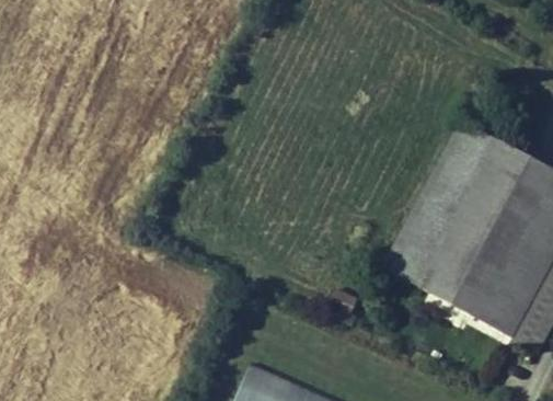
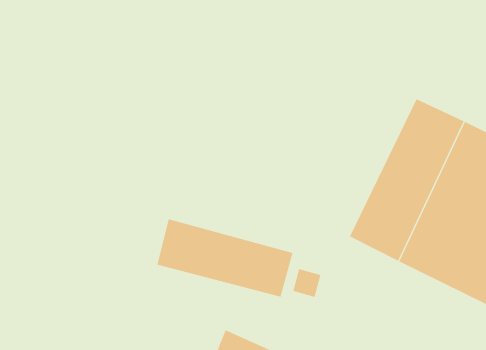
building: none -> [157,219,293,297]

